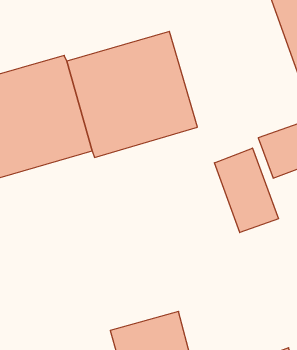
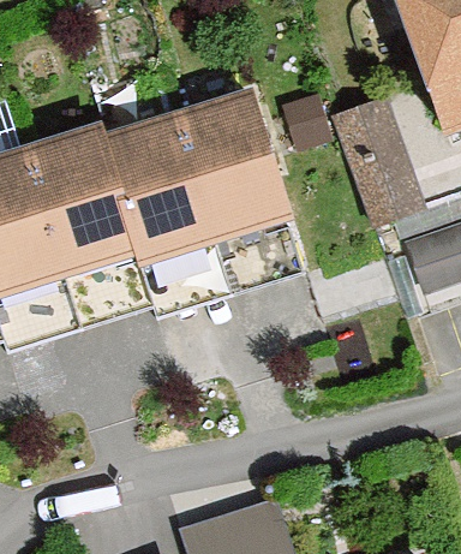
building: none -> [333,95,421,228]
building: [214,148,278,233] -> none

